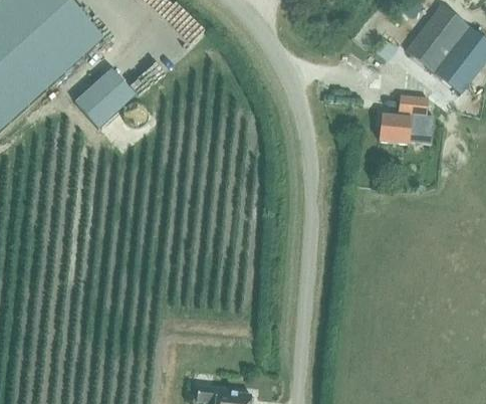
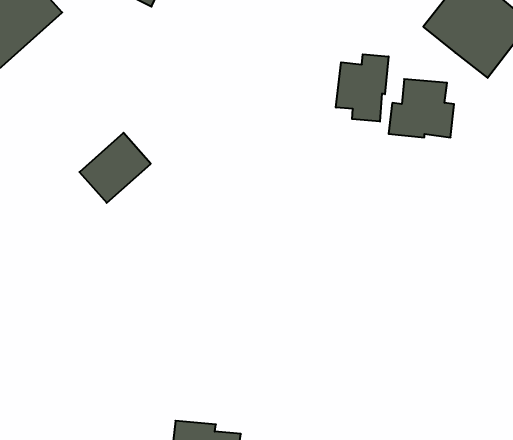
building: [74,67,135,127] -> [79,133,151,203]
building: none -> [336,54,389,122]

